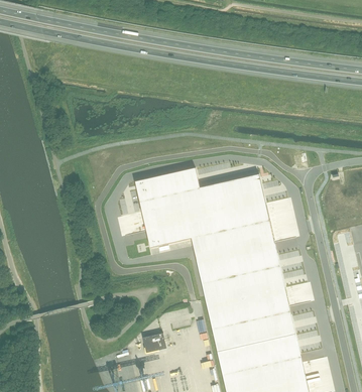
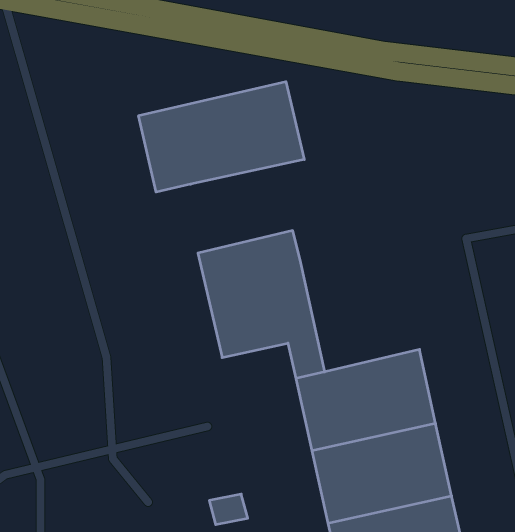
building: none -> [139,82,304,192]
building: [200,174,274,257] -> none

